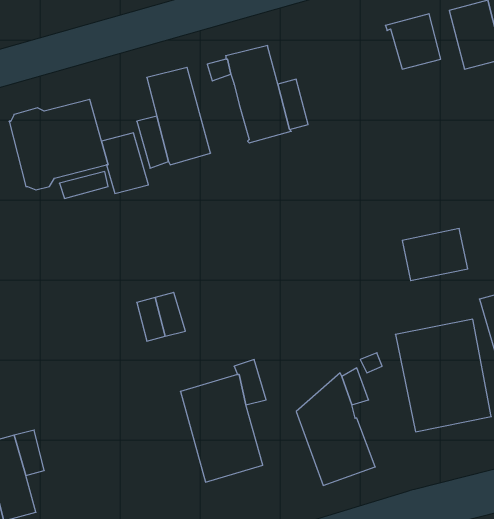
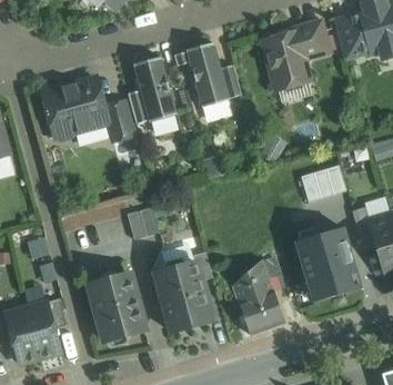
building: none -> [262,31,308,89]
building: none -> [89,273,143,340]

